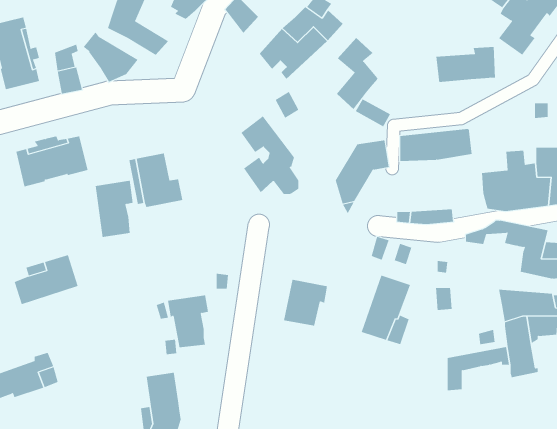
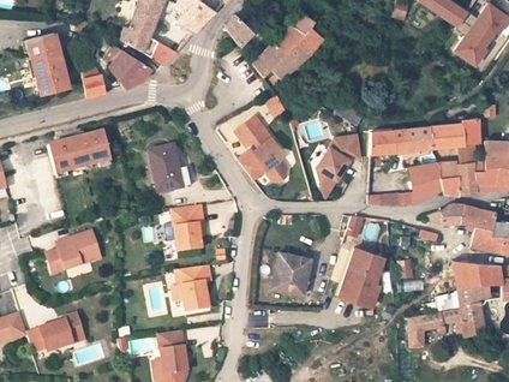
building: [336,37,378,110] -> none
building: [436,47,496,82] -> [429,118,479,148]
building: none -> [411,163,442,204]
building: [95,180,133,237] -> [172,203,204,251]

